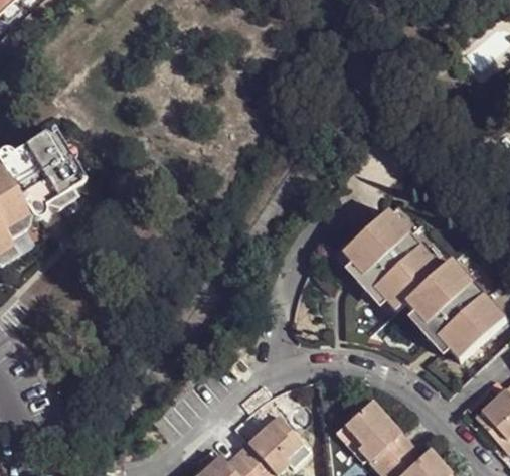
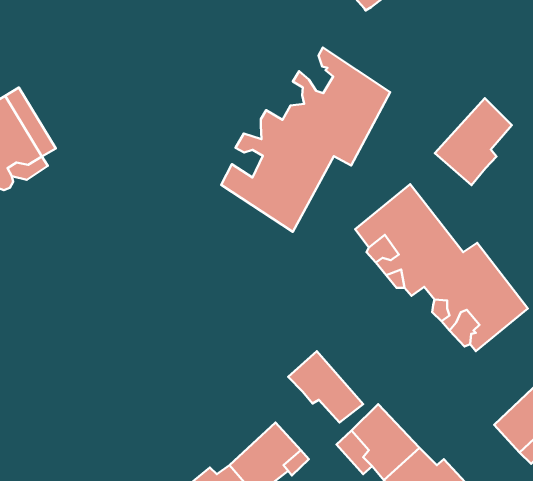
building: none -> [221,48,390,232]
building: none -> [435,98,512,185]
building: none -> [288,351,363,422]

